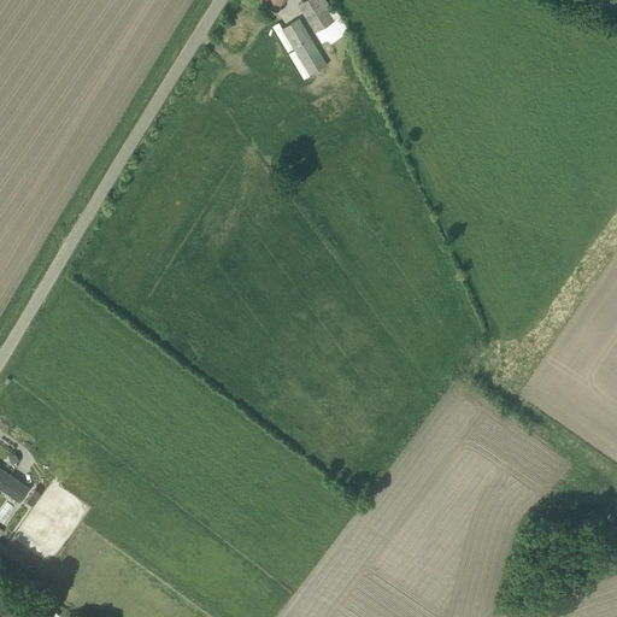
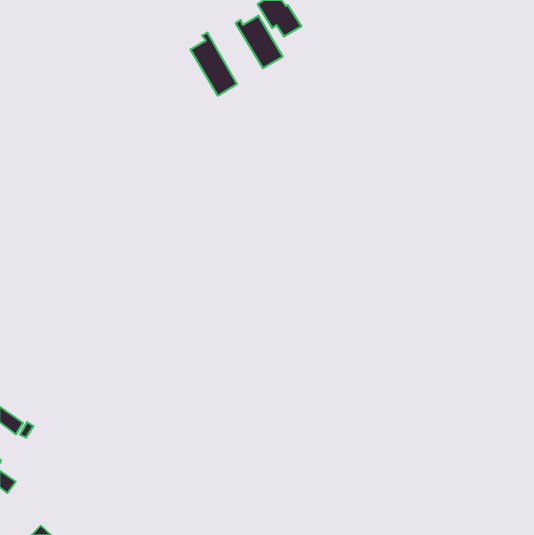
building: none -> [190,32,237,96]

